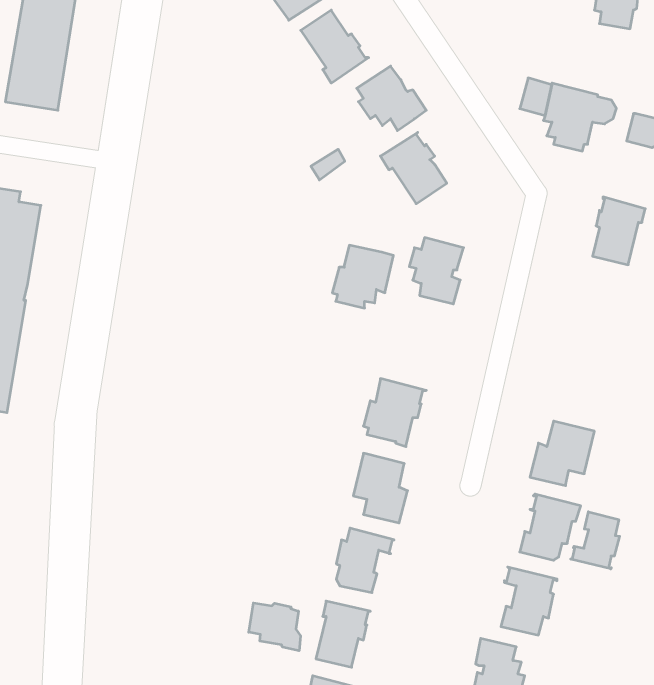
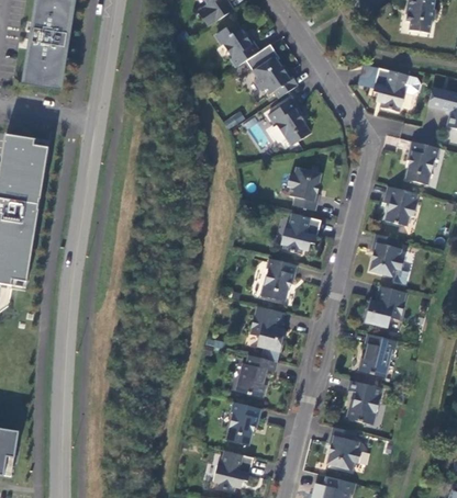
building: [332,245,393,308] -> [281,214,321,254]
building: none -> [383,186,417,227]
building: none -> [370,235,404,278]
building: [571,512,620,569] -> none
building: [249,603,301,651] -> none

